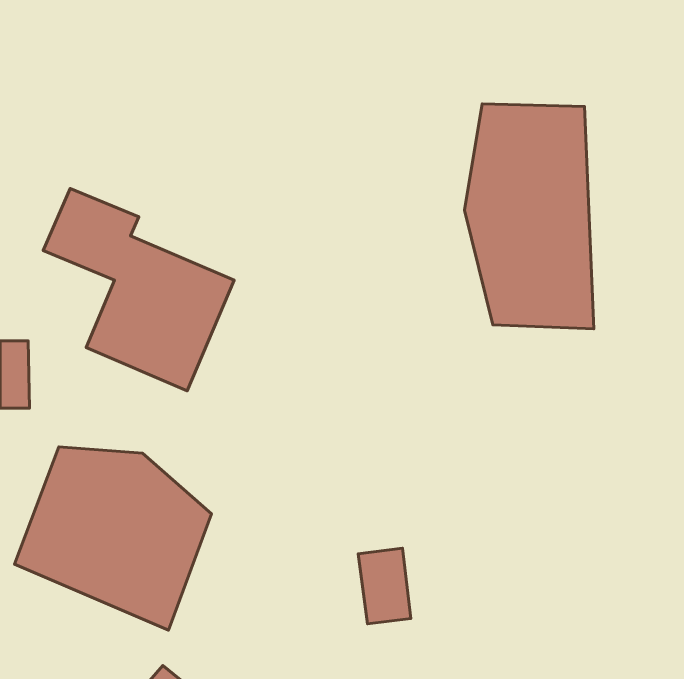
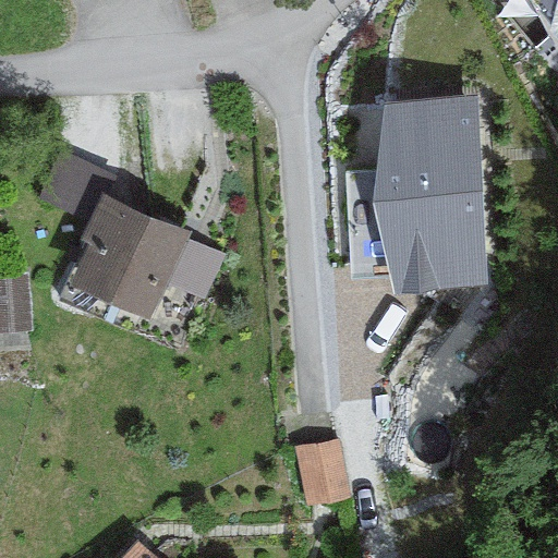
building: [14,447,211,630] -> none

